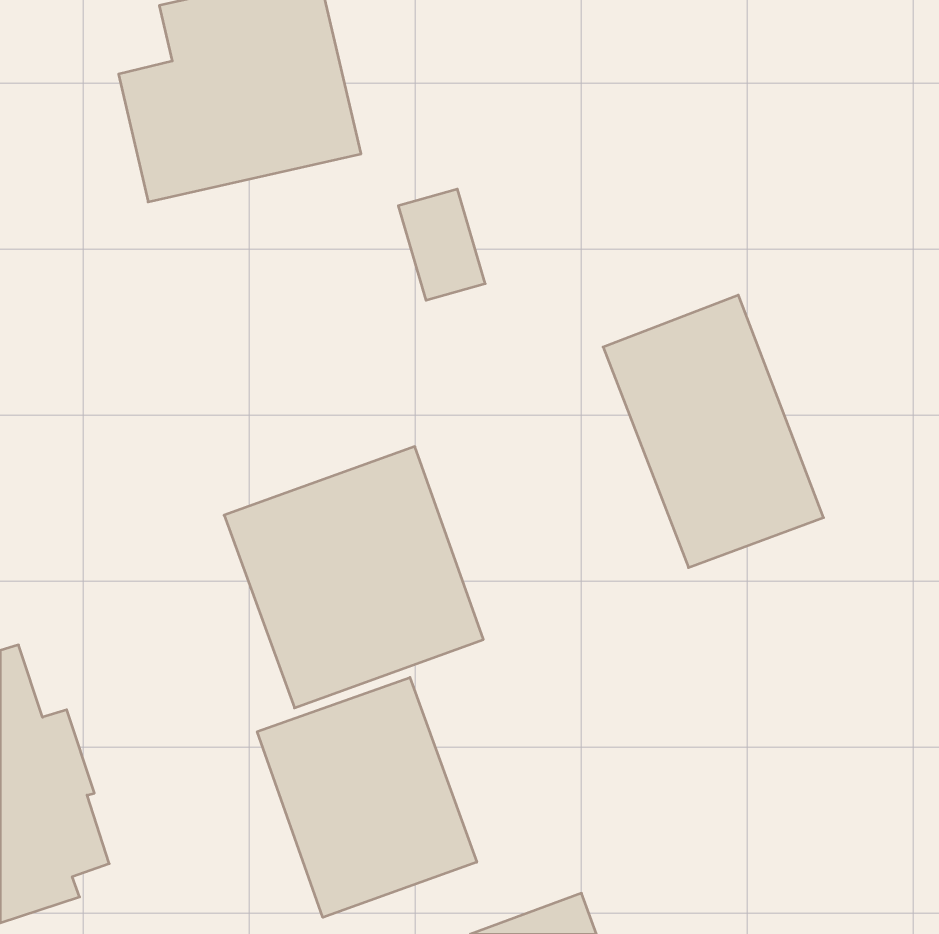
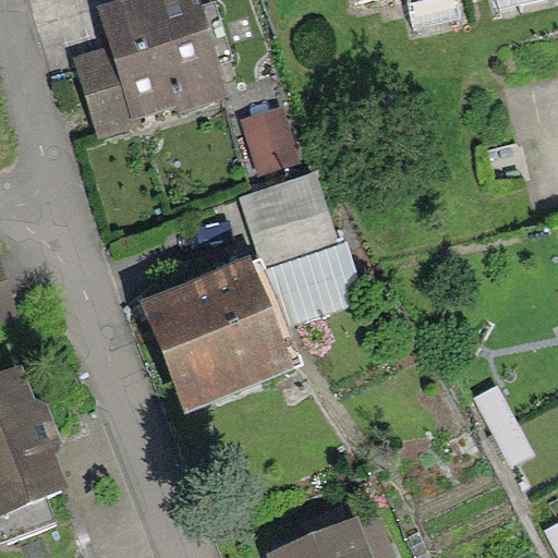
building: [603,295,824,568] -> [244,161,374,322]
building: [257,677,477,917] -> none

